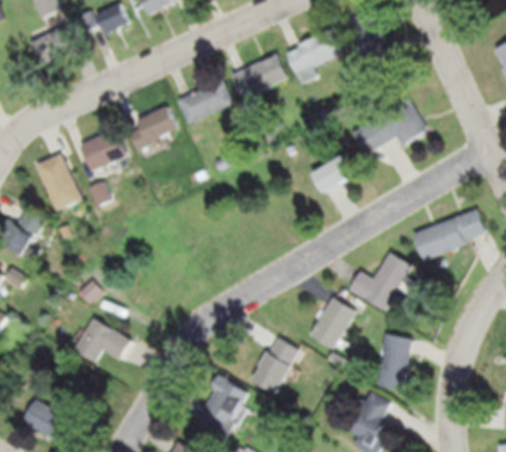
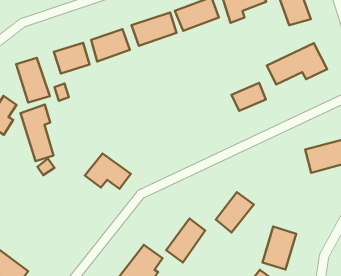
building: none -> [20,105,54,161]
building: [350,253,412,311] -> none
building: [73,318,130,361] -> [85,154,131,189]

